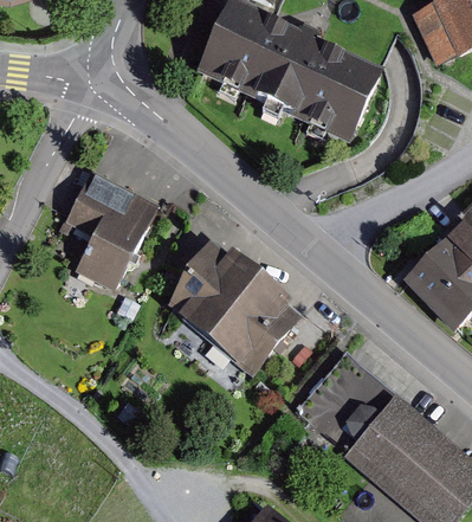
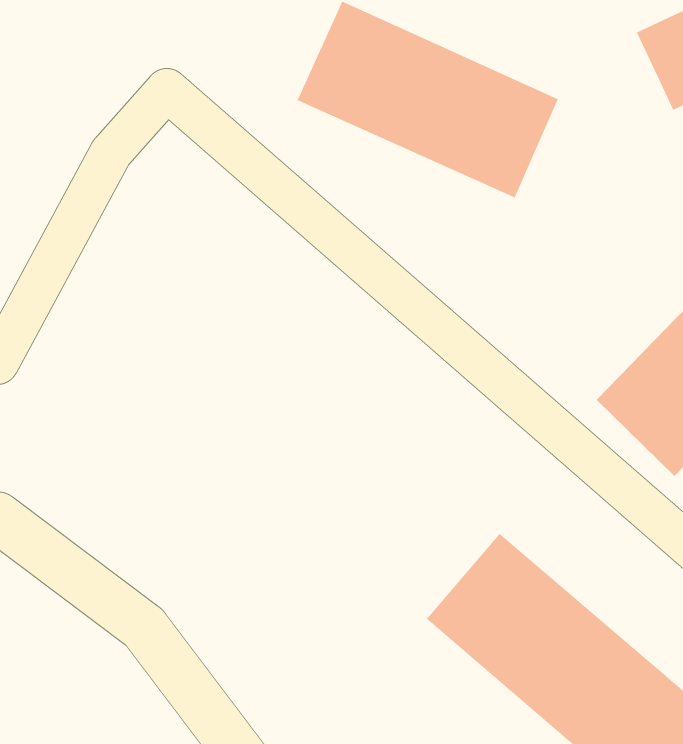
building: [70,170,160,290] -> none
building: [170,245,302,379] -> none

